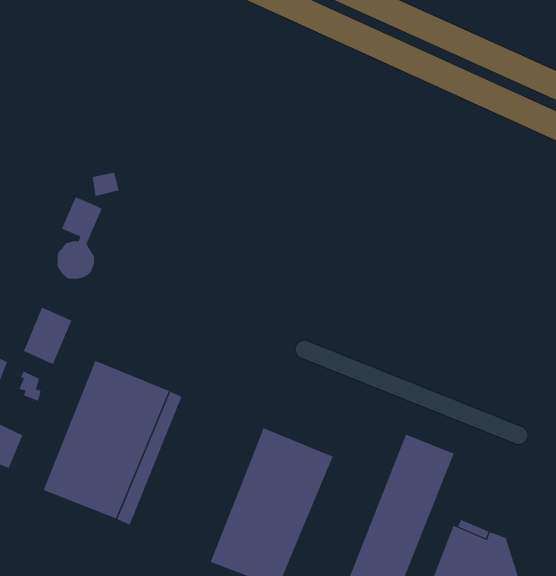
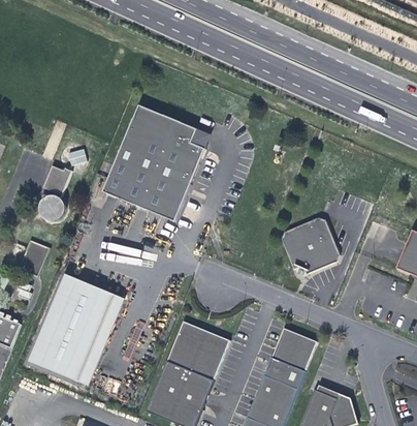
building: none -> [103,103,207,220]
building: none -> [282,215,341,272]

